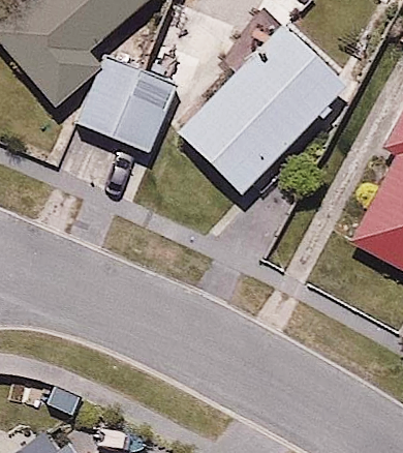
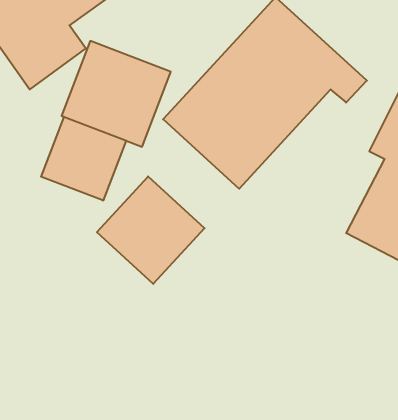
building: none -> [41,117,126,201]
building: none -> [97,176,205,284]

